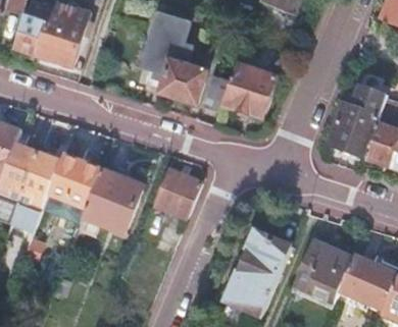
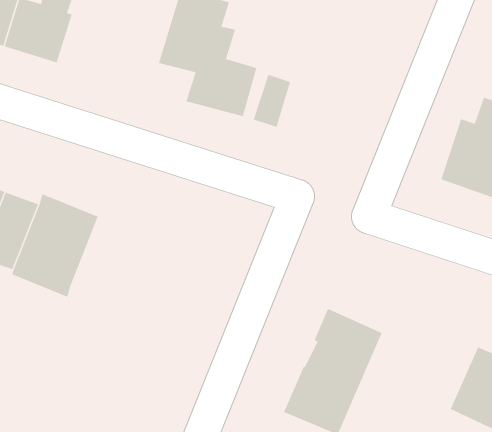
building: [223,63,276,116] -> none
building: [153,167,202,217] -> none
building: [82,168,142,235] -> none
building: [294,238,353,301] -> none

